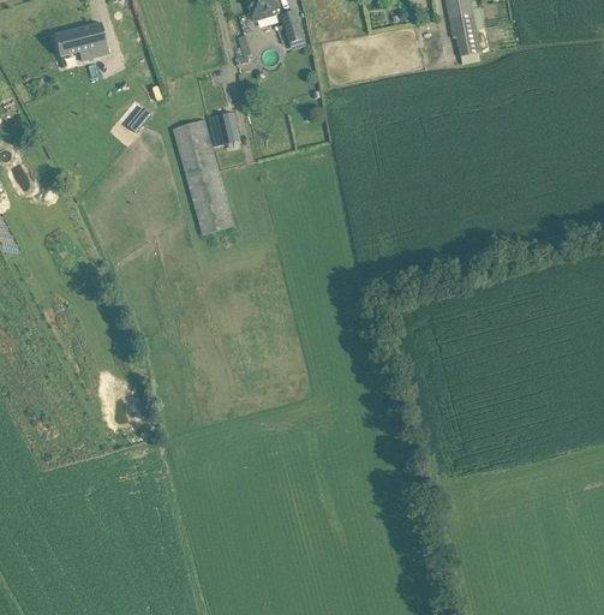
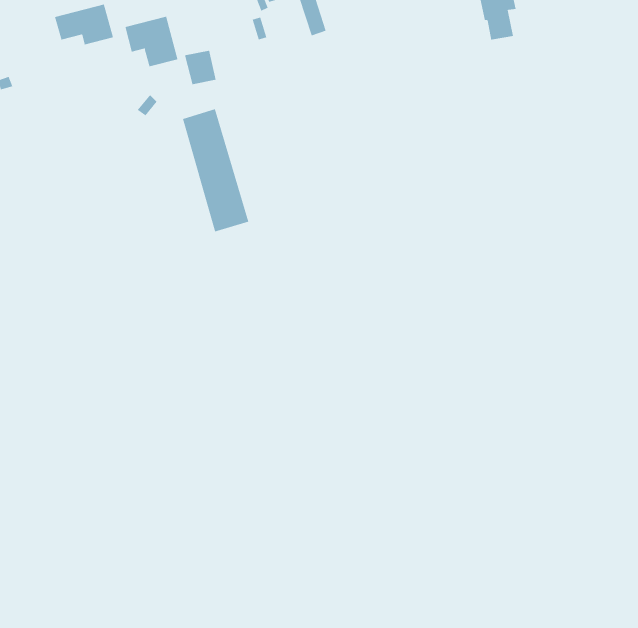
building: none -> [125,16,178,67]
building: [208,112,238,144] -> [184,50,216,85]

